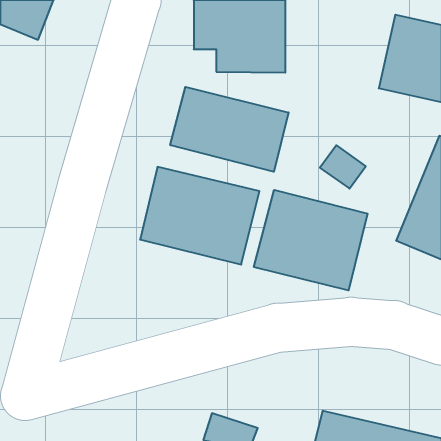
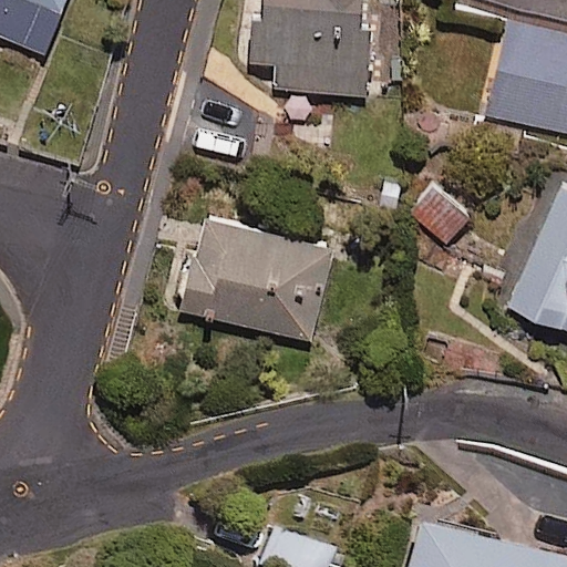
building: [170,87,289,172] -> none
building: [254,190,368,290] -> none

